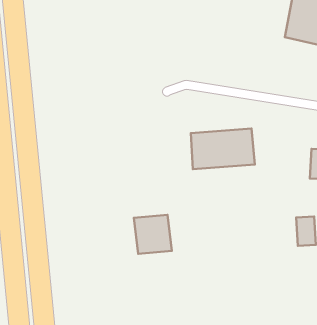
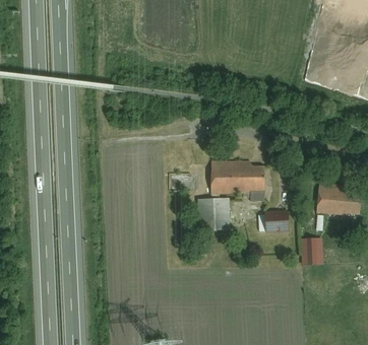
building: none -> [263,210,288,231]
building: [134,215,172,254] -> [197,198,230,231]

